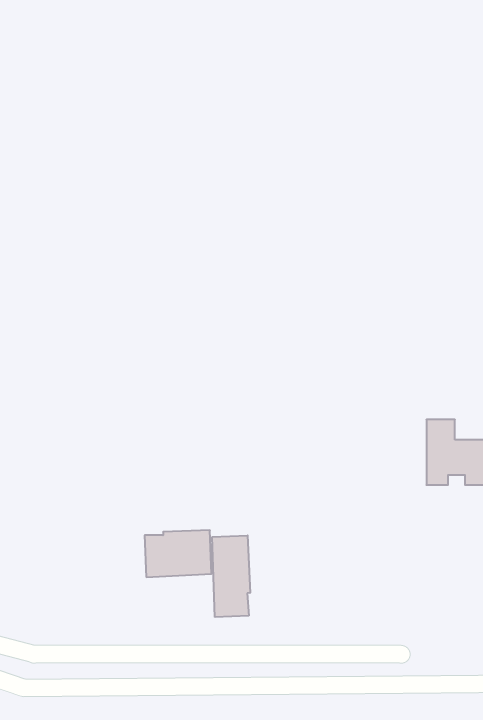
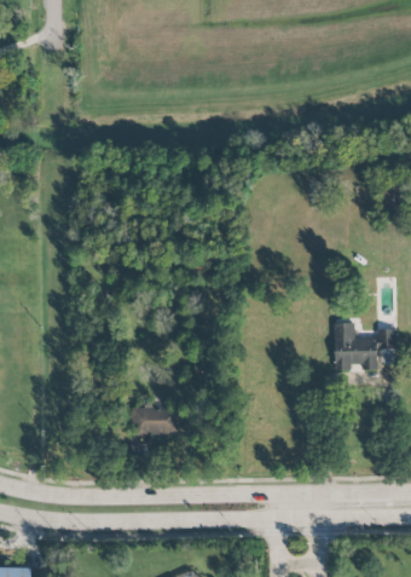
building: [212,535,250,617] -> none

